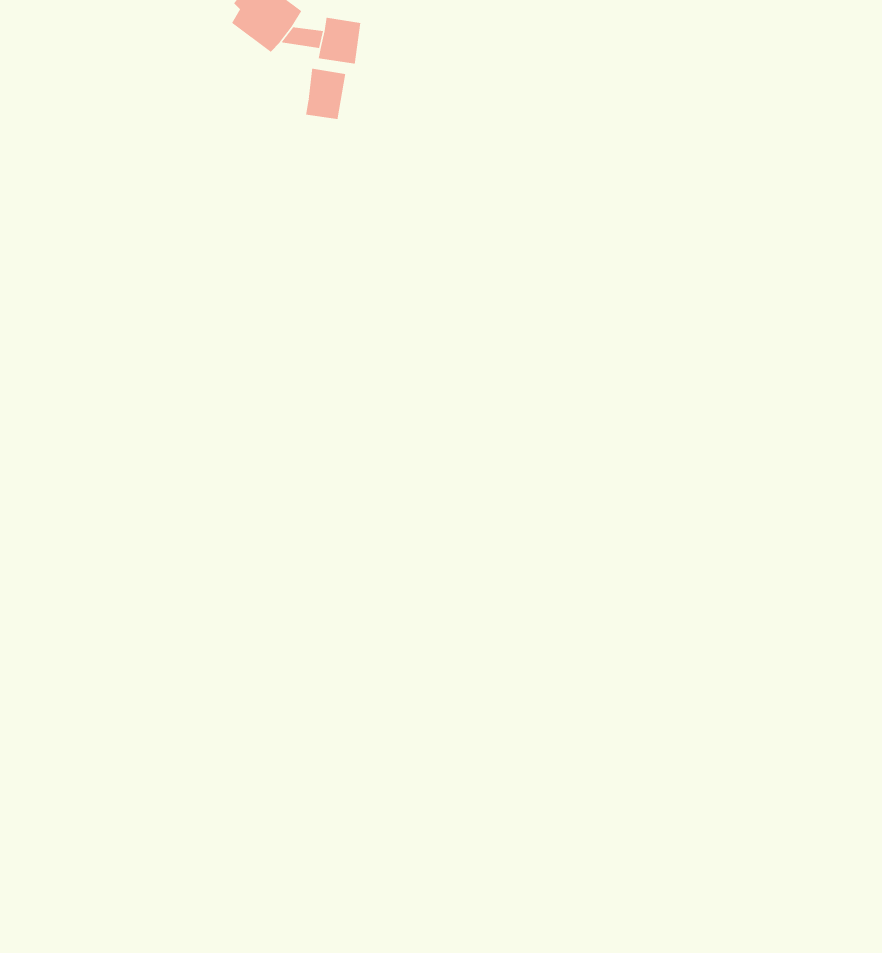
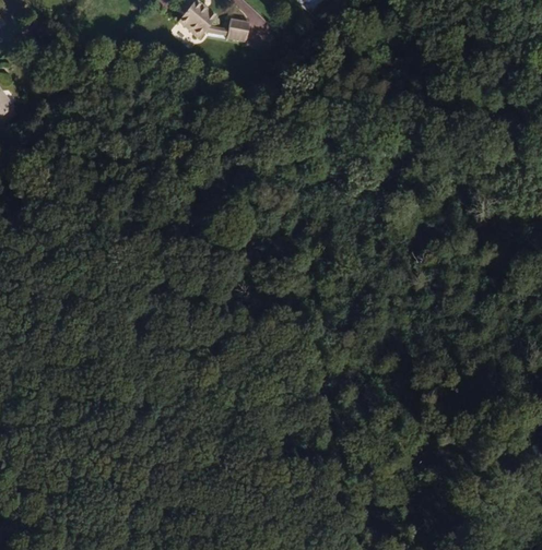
building: [306,68,346,120] -> none

